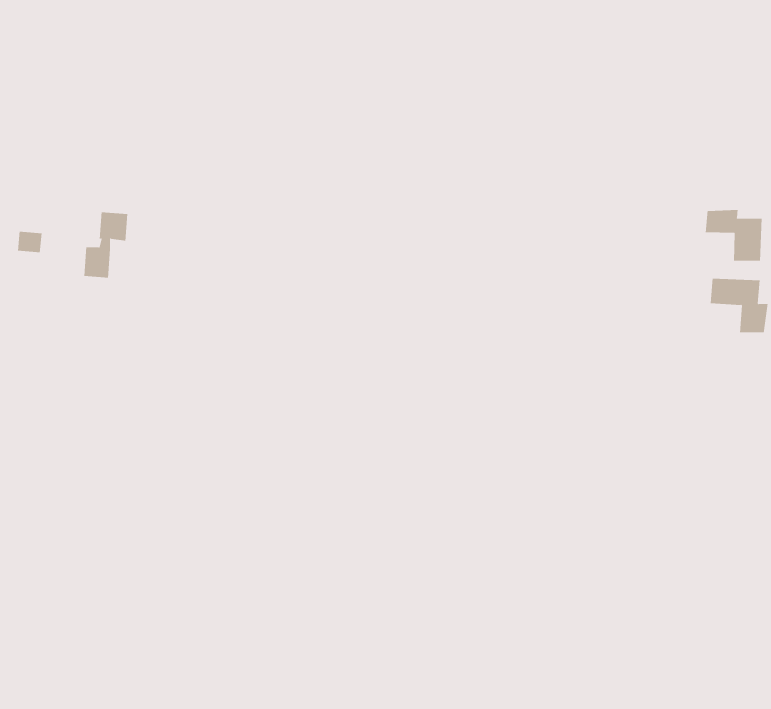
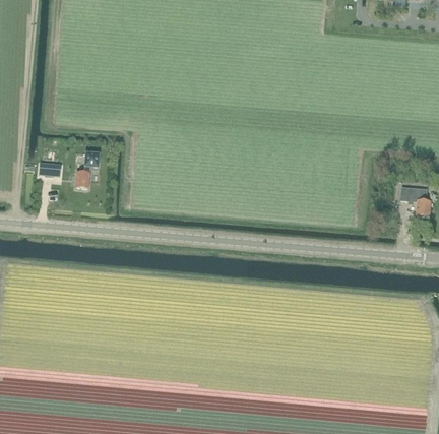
building: [705,209,762,262] -> none

